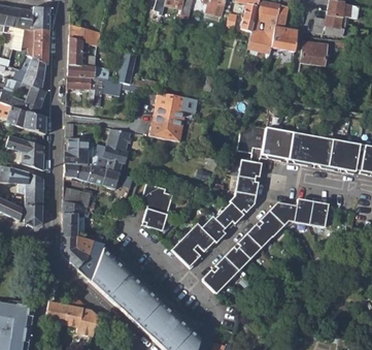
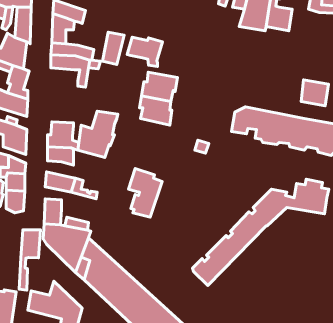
building: [302,41,328,66] -> [301,80,328,106]
building: none -> [127,37,162,67]
building: [172,160,263,268] -> none
building: [90,165,134,189] -> none
building: none -> [19,230,40,290]

